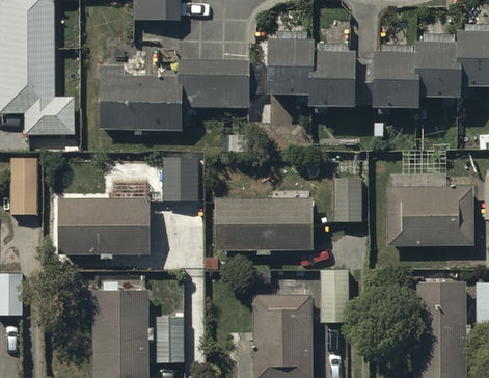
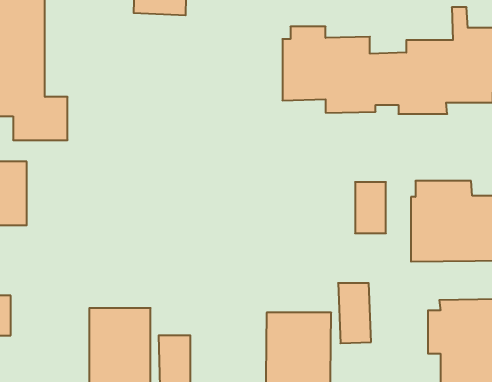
building: [102,58,249,130] -> none
building: [162,155,198,199] -> none
building: [58,196,152,258] -> none
building: [216,197,314,253] -> none

